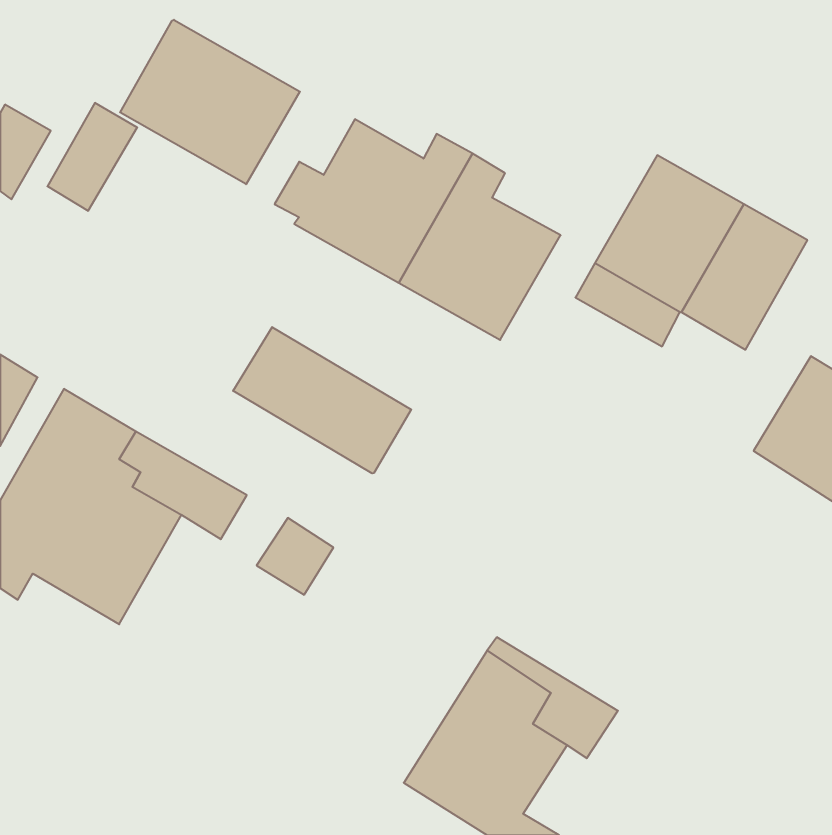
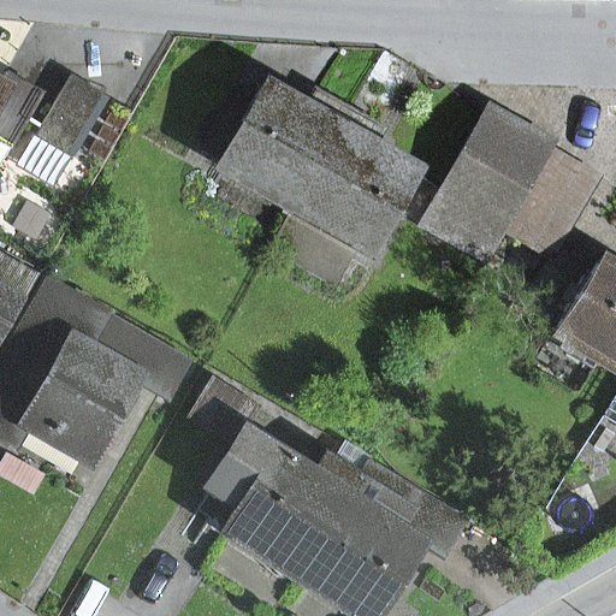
building: [120,20,300,184] -> none
building: [233,327,411,473] -> none
building: none -> [199,437,357,576]

